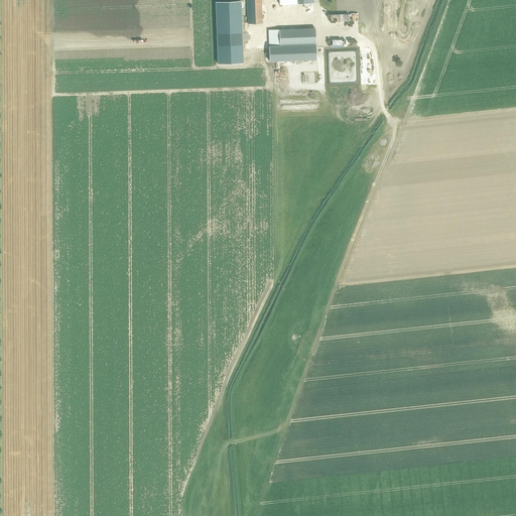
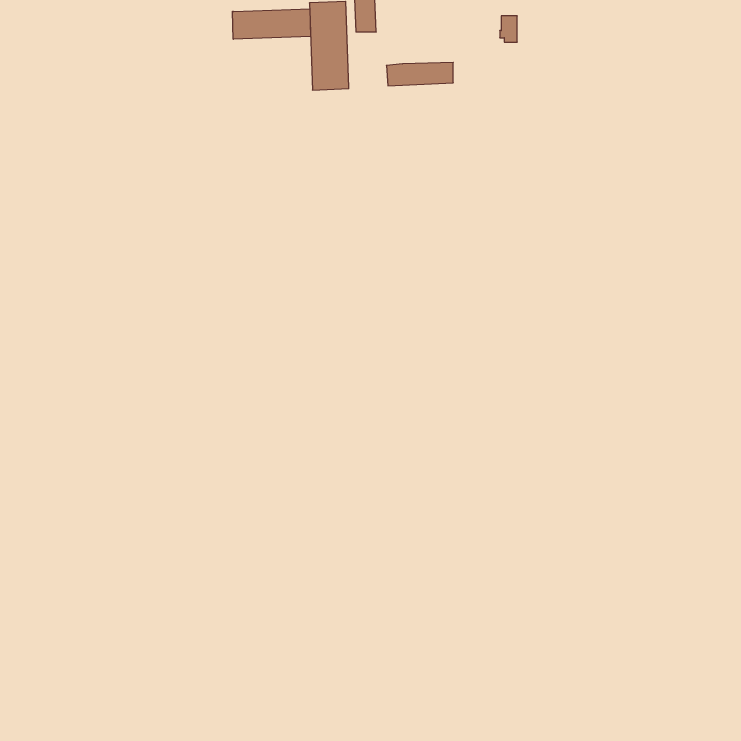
building: none -> [232,9,310,39]
building: [278,27,314,44] -> none

